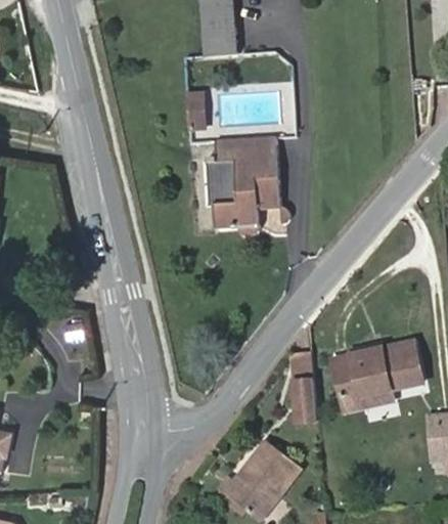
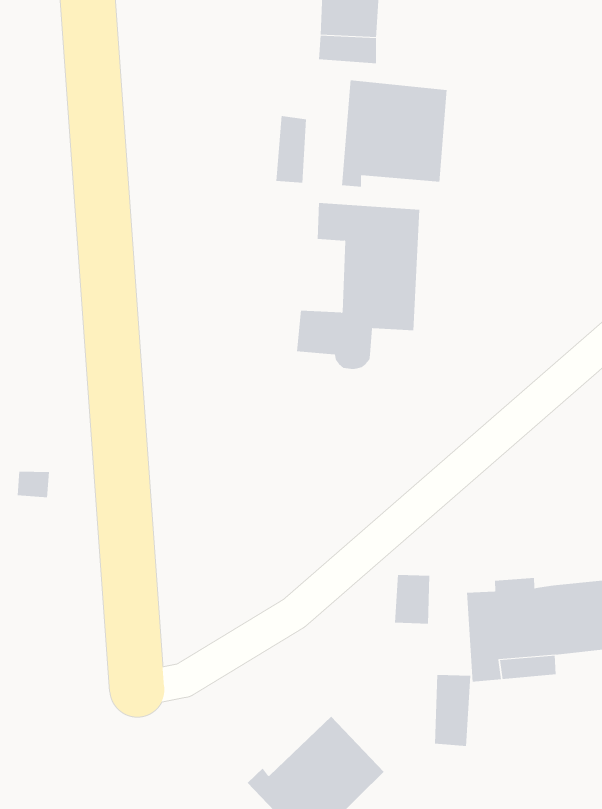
building: none -> [342,79,447,188]
building: [208,162,238,206] -> none
building: [294,380,317,423] -> [434,674,471,747]

